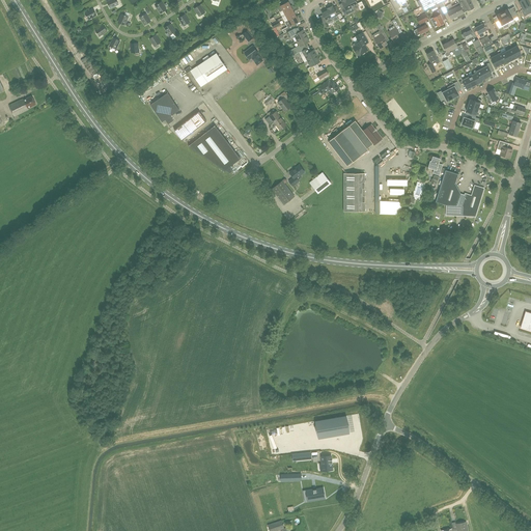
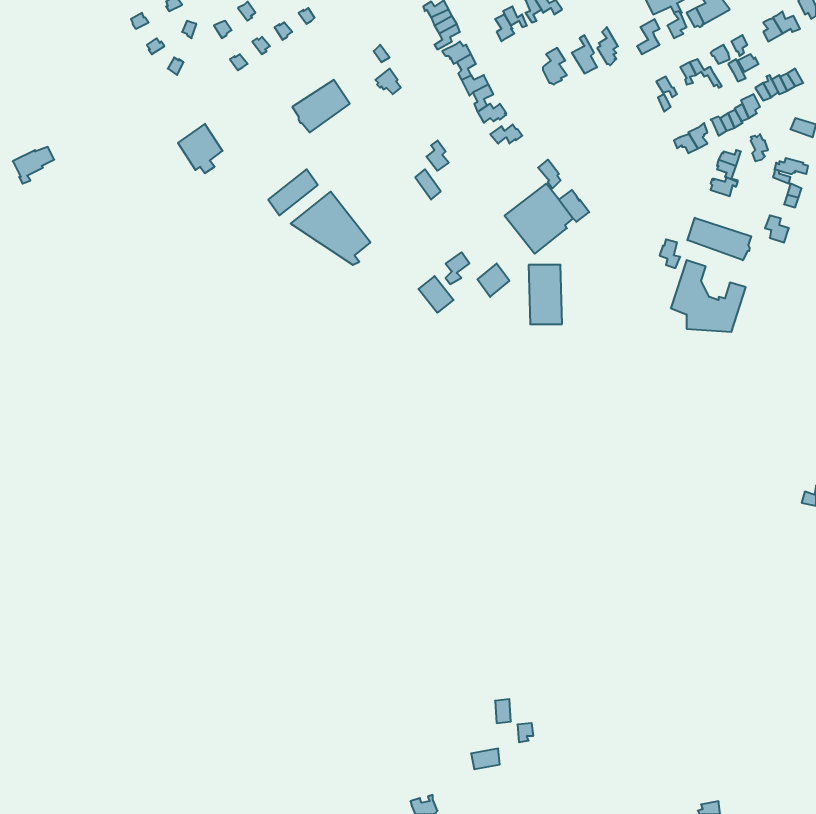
building: [150,91,179,123] -> [178,124,223,173]
building: none -> [687,218,751,260]
building: [315,415,350,437] -> none

